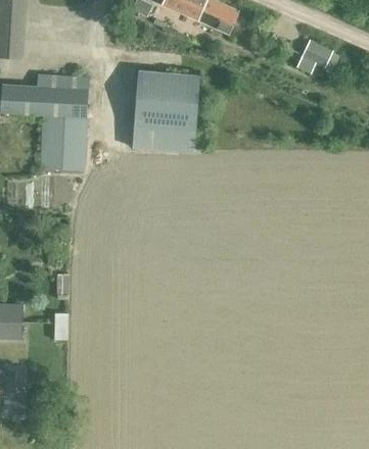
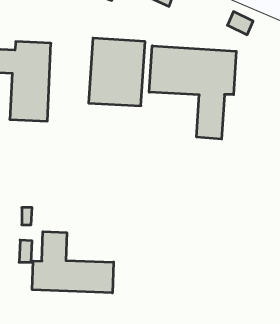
building: none -> [149,46,236,139]
building: none -> [32,232,114,293]

